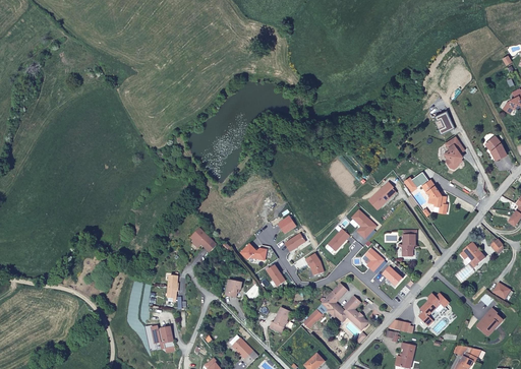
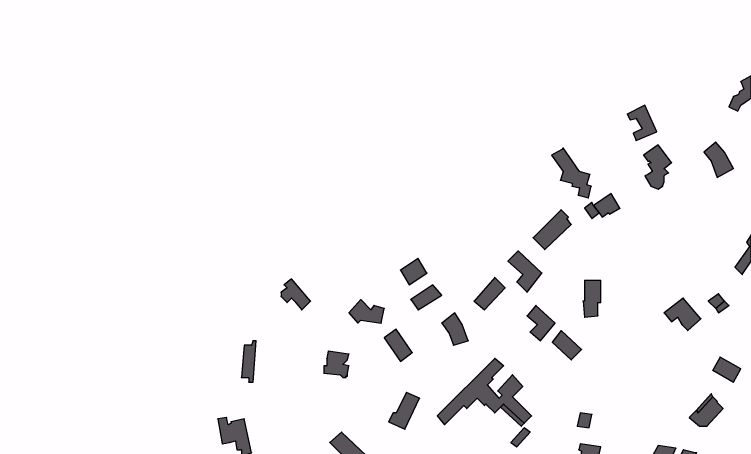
building: [421,180,449,214] -> [552,148,591,198]
building: [418,294,449,325] -> none

